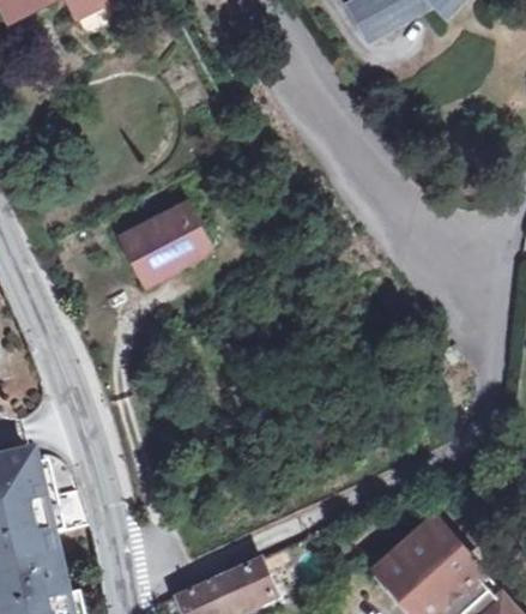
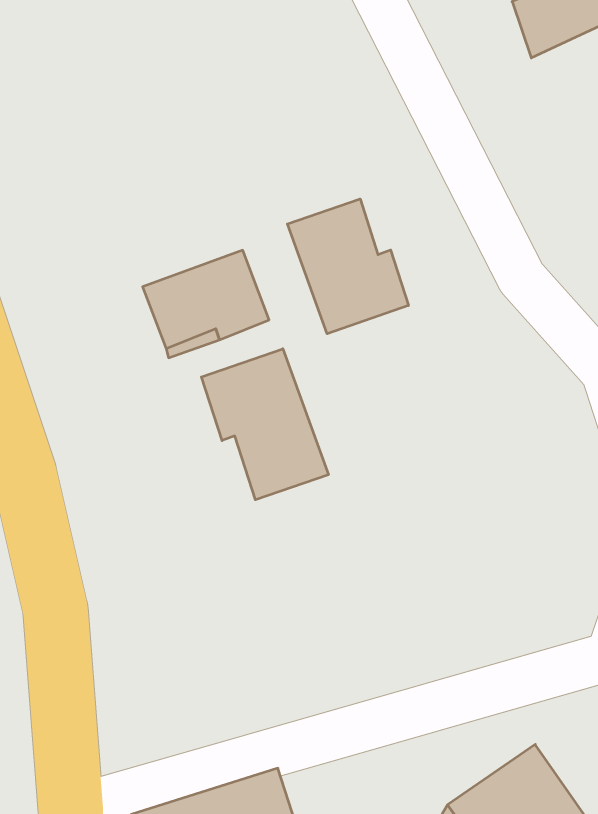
building: none -> [287,199,408,334]
building: none -> [201,349,328,500]

